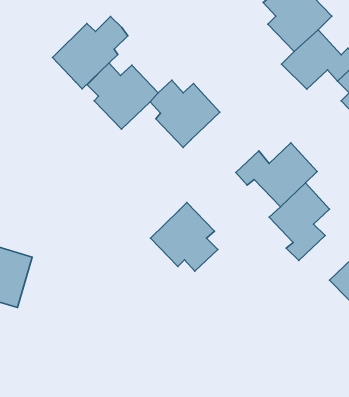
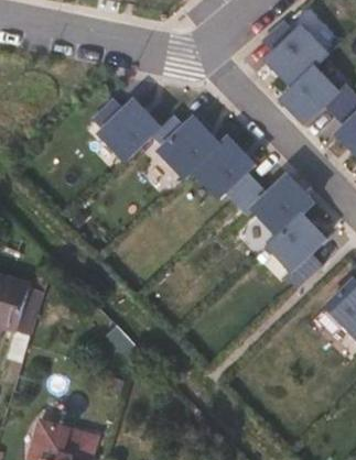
building: [52,16,128,89] -> none
building: [150,203,218,271] -> [193,138,258,204]

